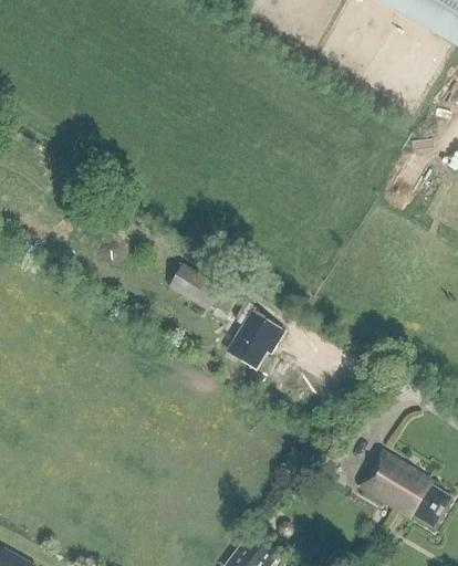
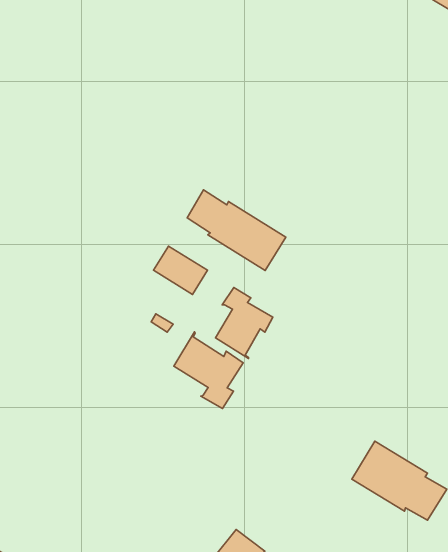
building: none -> [187,190,286,270]
building: none -> [174,332,243,408]

